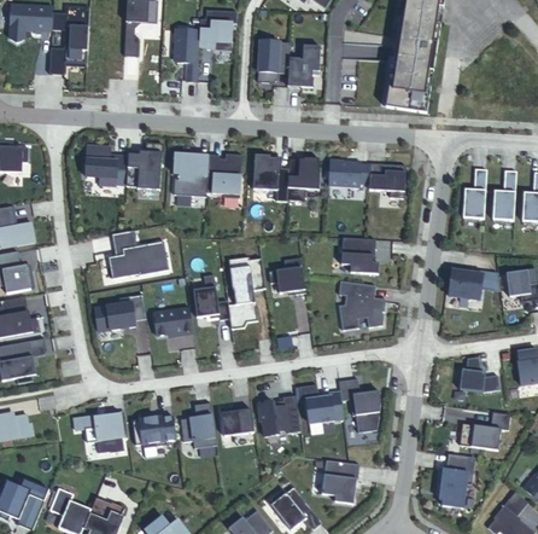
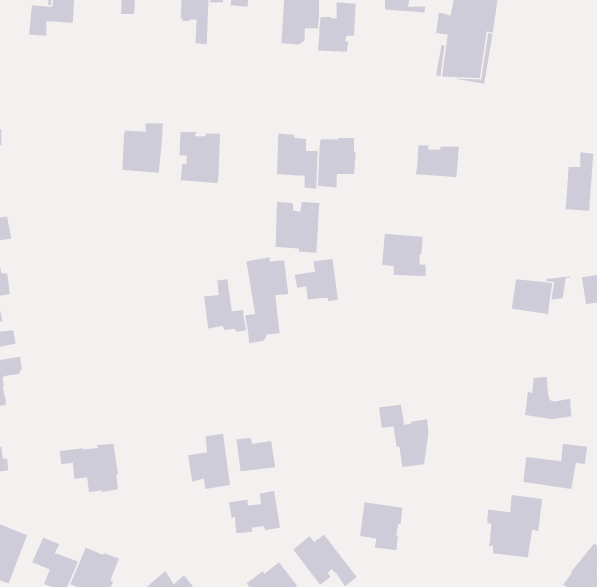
building: [84,145,127,185] -> none
building: [206,153,244,197] -> [275,201,320,253]
building: [328,158,370,186] -> none
building: [463,168,486,217] -> none
building: [107,228,168,278] -> none
building: [338,280,385,329] -> none
building: [94,295,146,331] -> none
building: [153,307,192,335] -> none
building: [305,391,343,423] -> none
building: [257,399,300,435] -> [228,490,281,534]
building: [131,412,176,446] -> none

